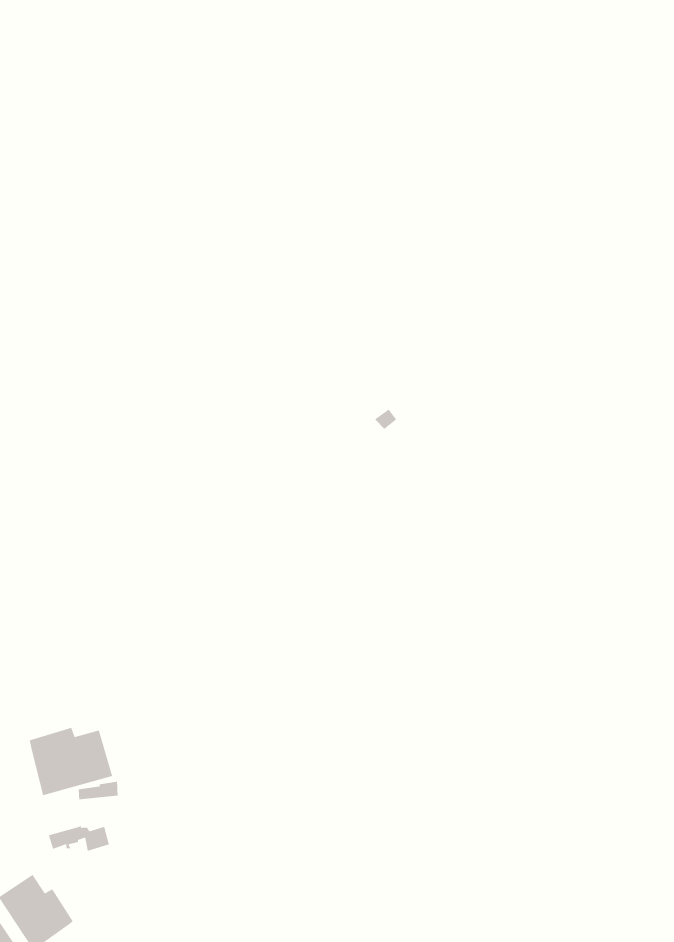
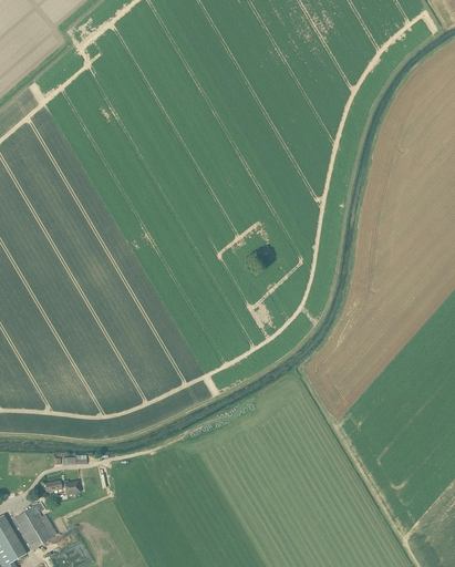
building: [29,727,113,796] -> none

